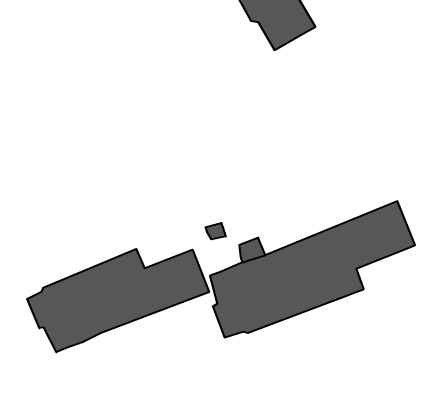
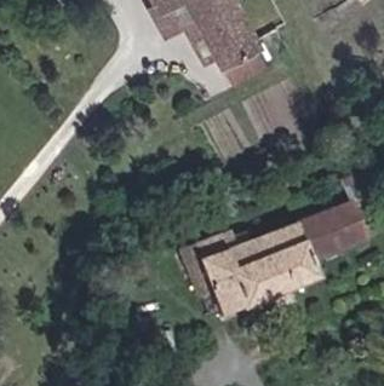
building: [27,249,209,352] -> none

